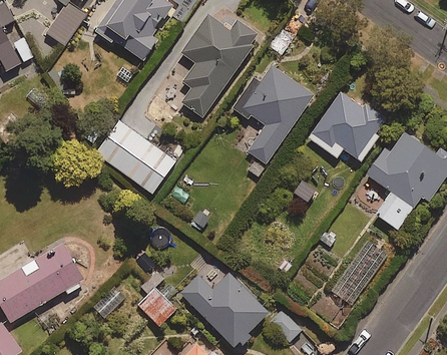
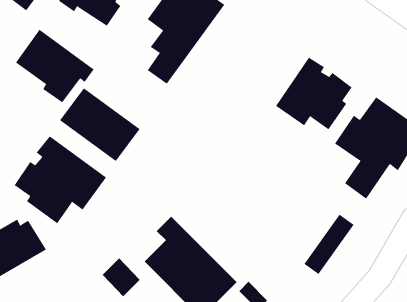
building: none -> [15,29,94,103]
building: [232,65,314,163] -> none
building: none -> [14,136,107,224]

